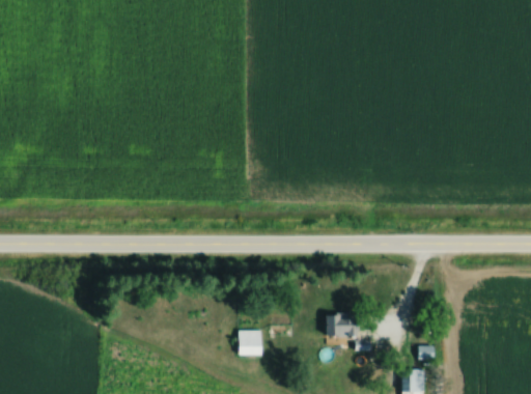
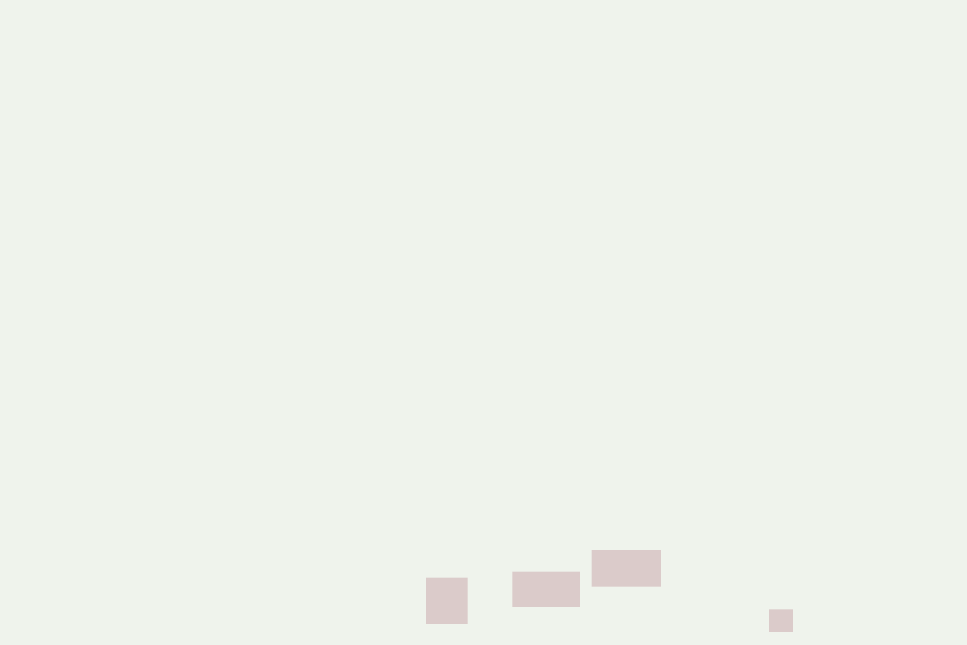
building: none -> [512,571,581,608]

